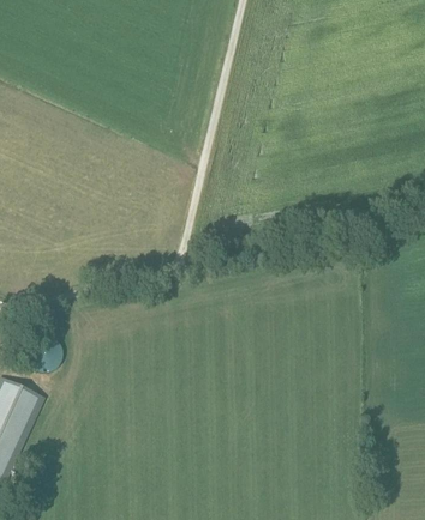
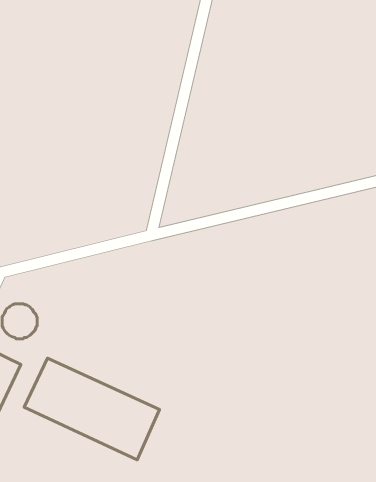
building: none -> [24,358,159,460]

